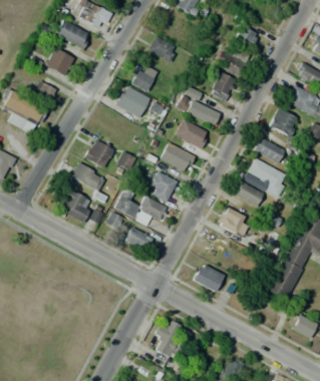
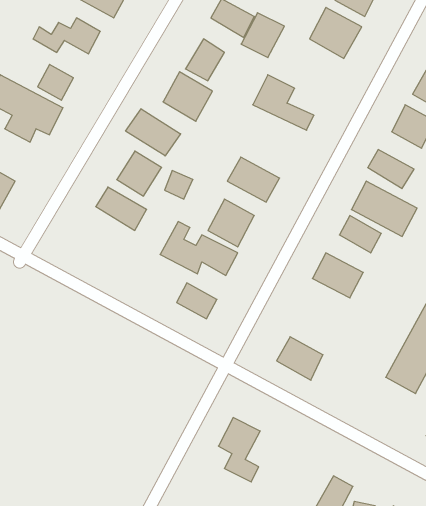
building: [207,70,236,100] -> [241,13,284,58]
building: none -> [126,109,181,156]
building: [175,118,209,148] -> none
building: [61,187,94,223] -> none

